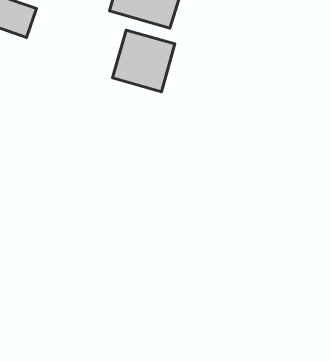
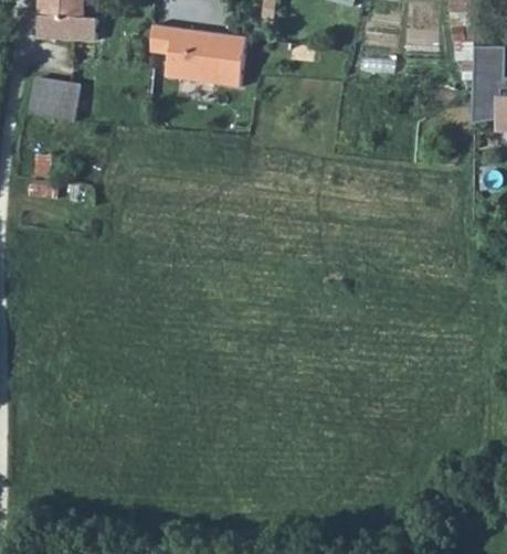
building: [112,30,175,92] -> none

